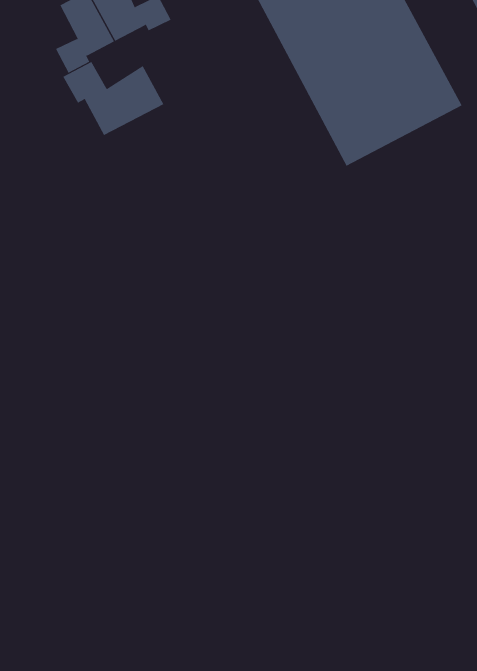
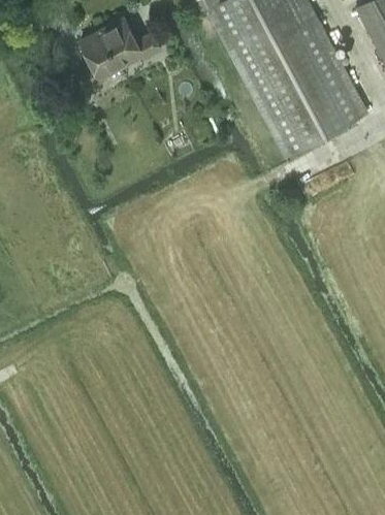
building: [63,61,164,136] -> none

